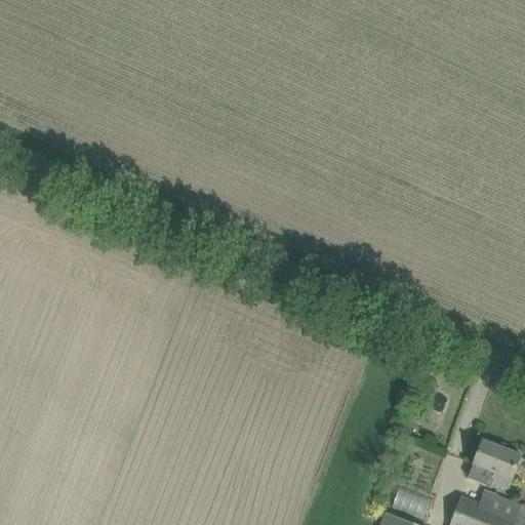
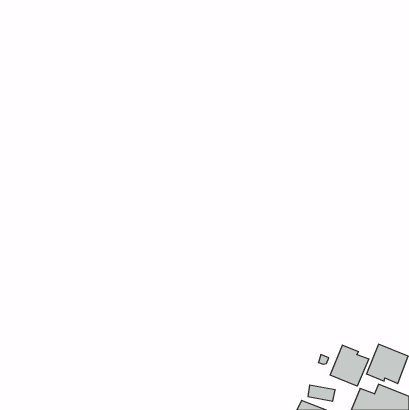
building: none -> [330,345,369,386]

